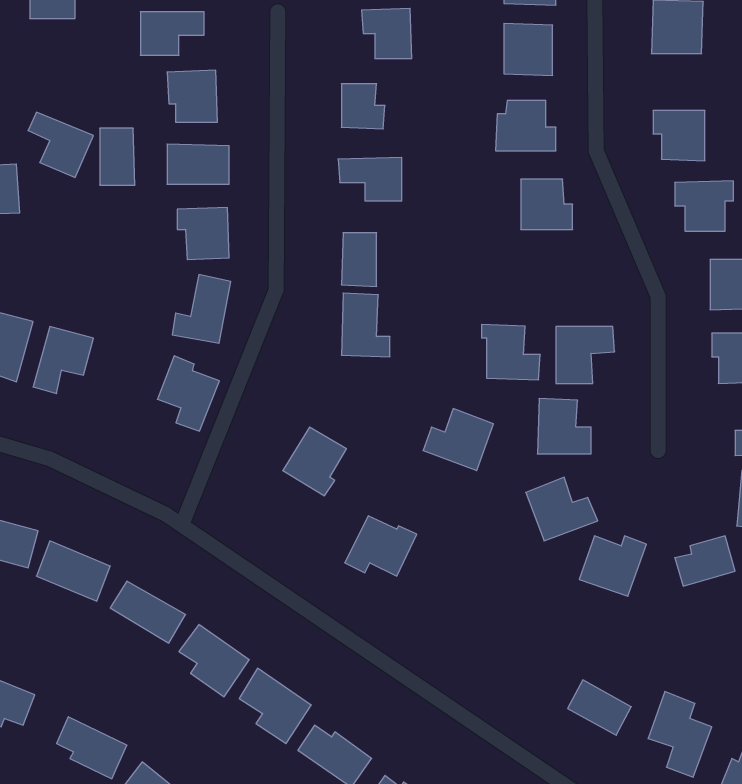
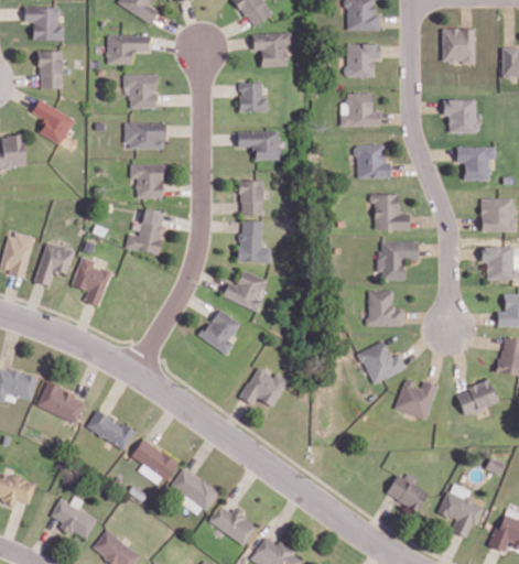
building: [100,128,135,185] -> [39,51,62,88]
building: [482,324,540,380] -> [370,194,409,230]
building: [157,356,219,431] -> [72,257,112,306]
building: [423,409,493,471] -> [221,270,268,311]

